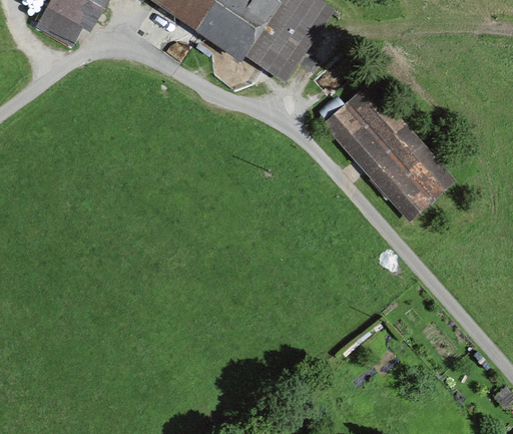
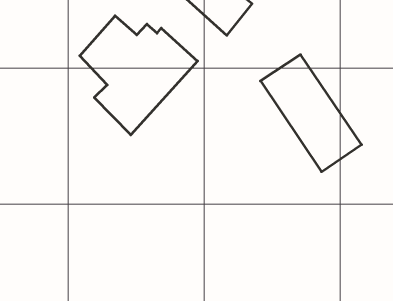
building: none -> [80,16,198,135]

